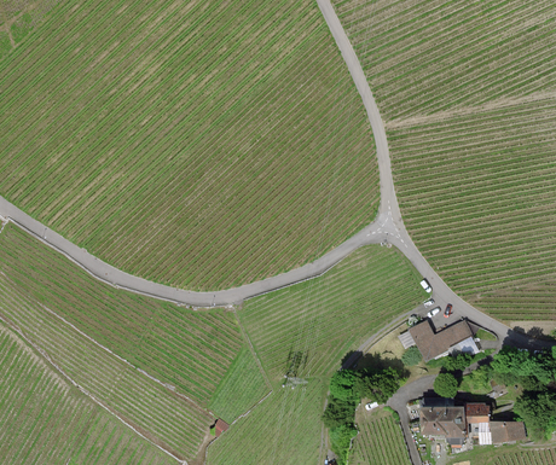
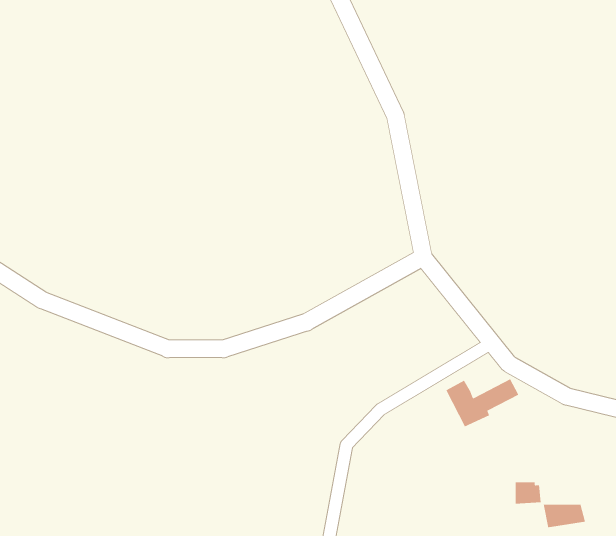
building: [421,408,463,437] -> none

